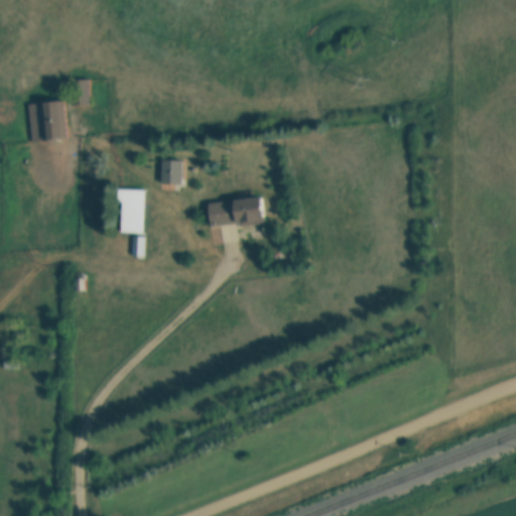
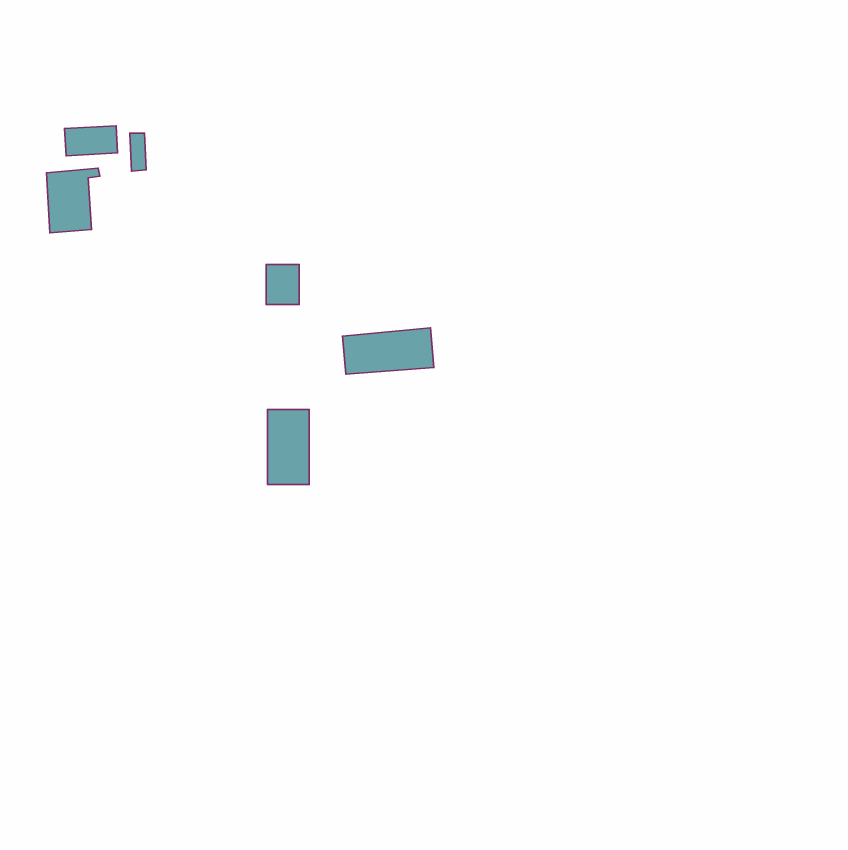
building: none -> [65,126,118,156]
building: [120,188,145,234] -> [267,410,309,485]

